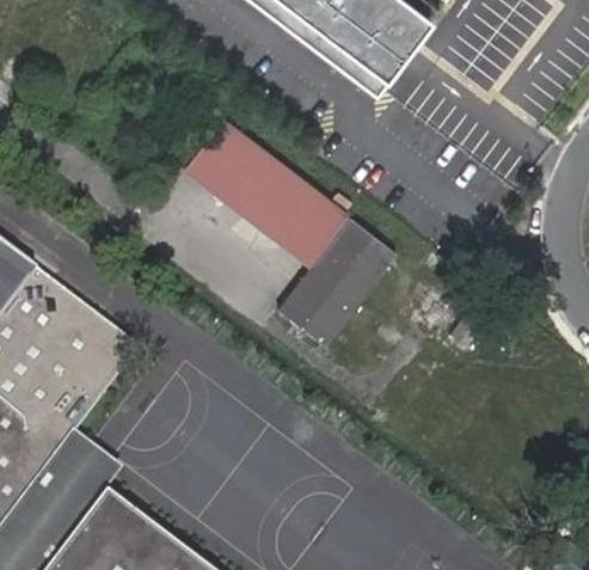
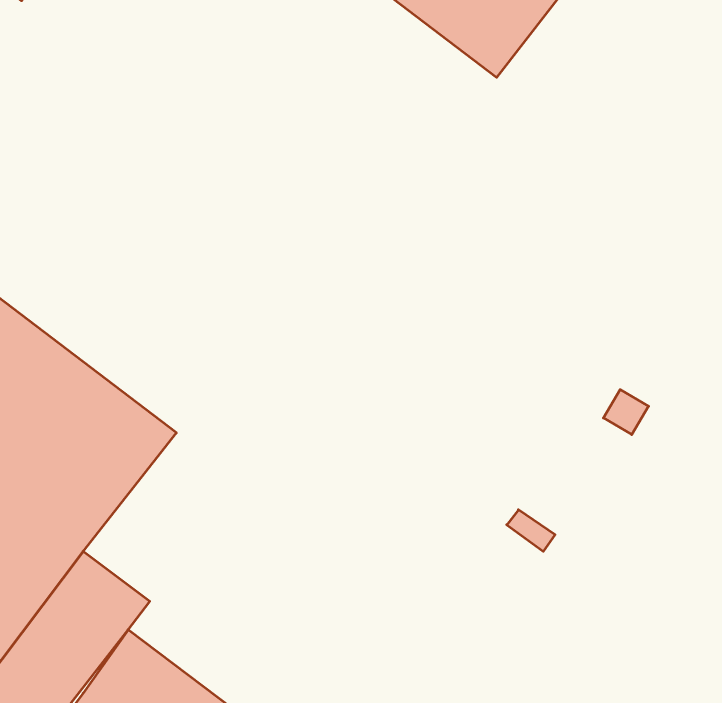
building: [188,121,346,262] -> none
building: [280,217,398,348] -> none

